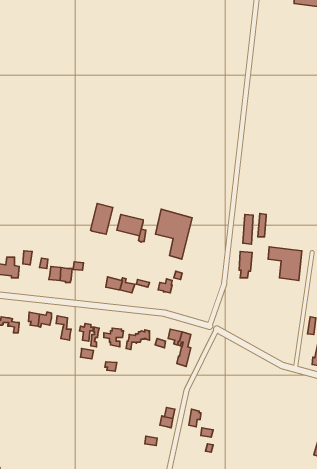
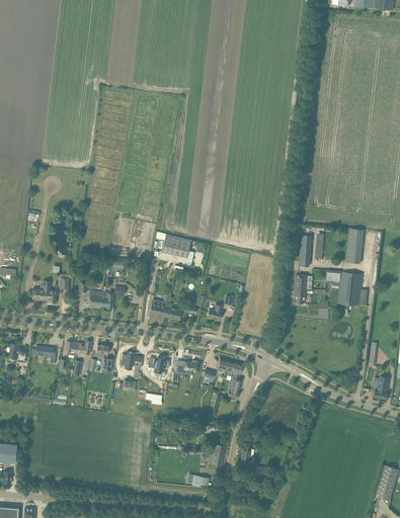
building: [91,203,113,234] -> none
building: none -> [346,228,364,263]
building: [156,209,192,259] -> none

